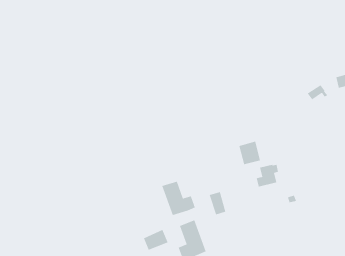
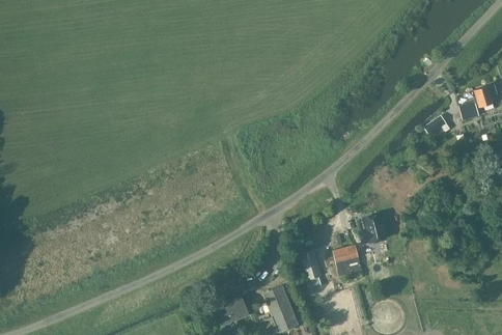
building: [239,141,261,165] -> [333,245,361,275]
building: [161,181,196,216] -> none

